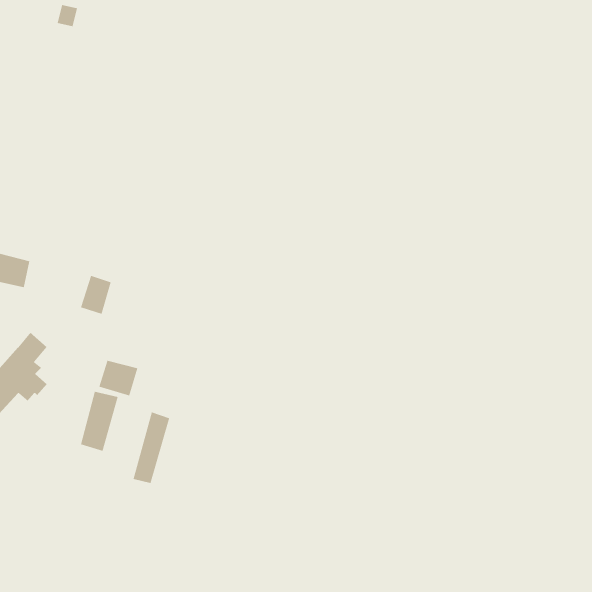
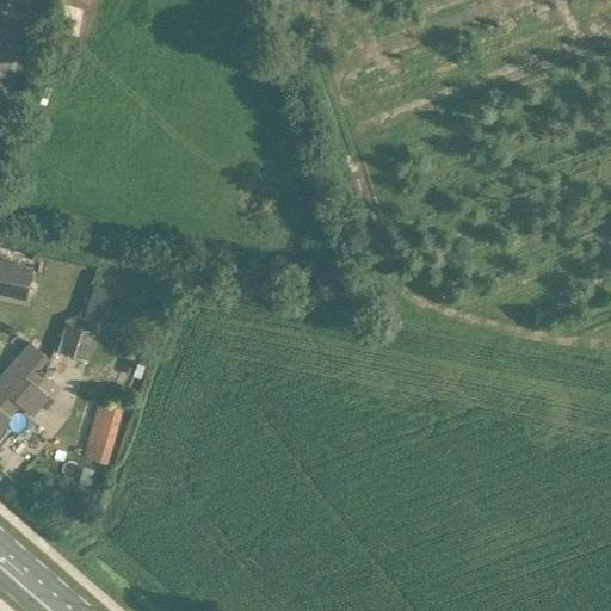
building: [99,360,138,396] -> [55,325,95,362]
building: [133,412,170,484] -> none

